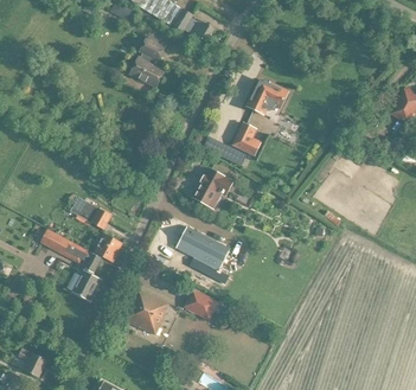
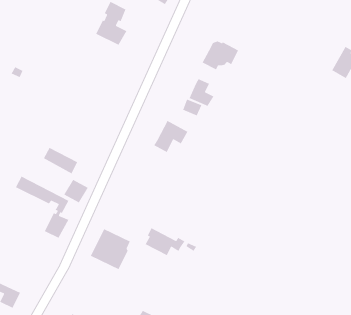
building: [175,225,230,269] -> none

